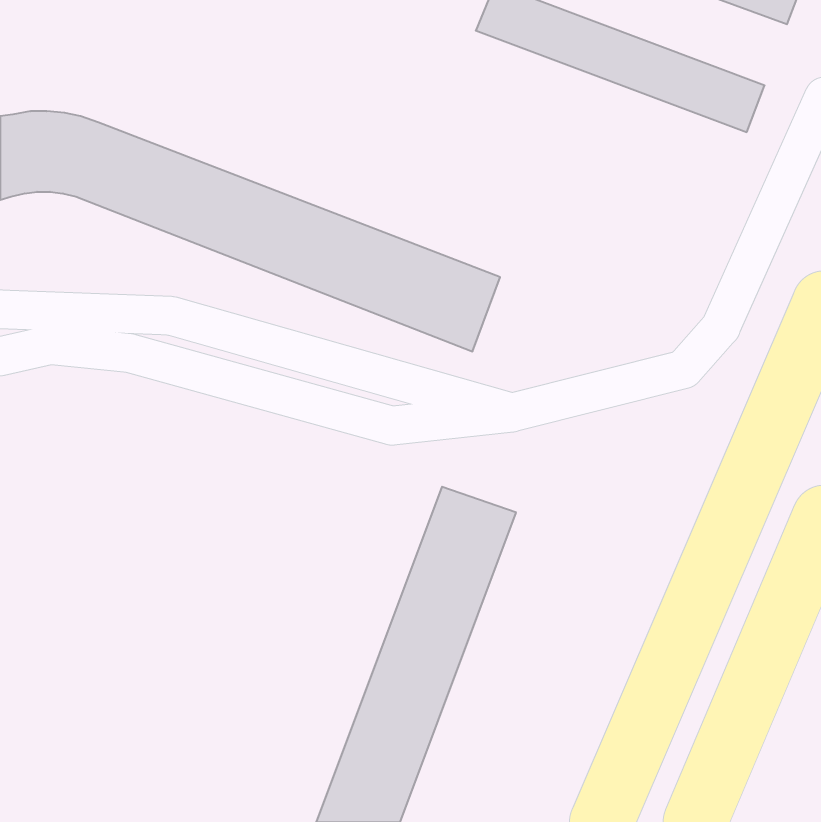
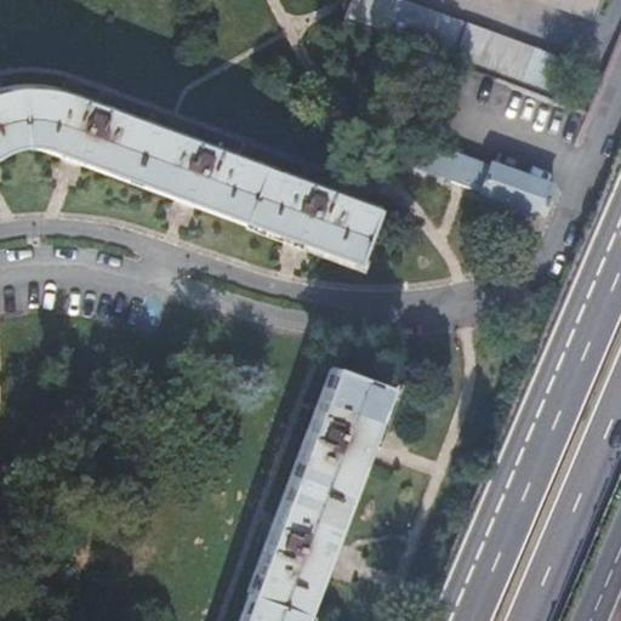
building: none -> [416,144,554,216]

